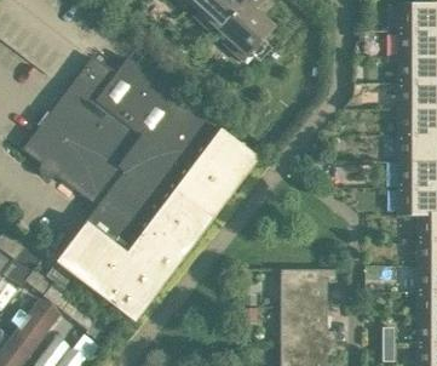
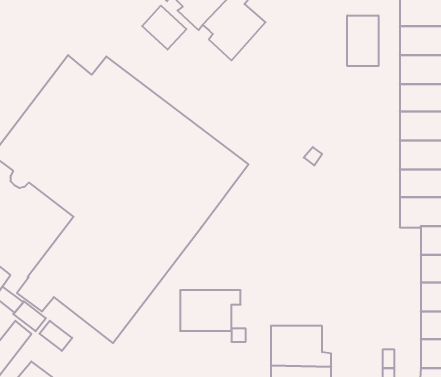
building: none -> [142,6,186,50]
building: none -> [347,15,378,66]
building: [278,268,334,305] -> [180,290,241,331]

